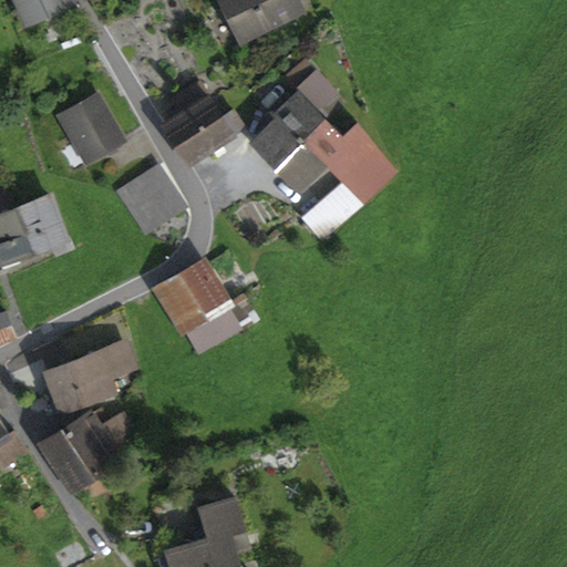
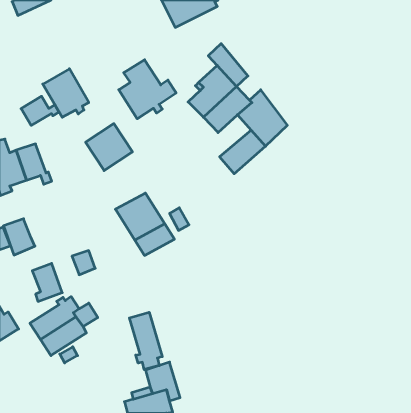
building: none -> [21,96,59,125]
building: [71,351,114,401] -> [3,219,35,255]
building: none -> [129,312,162,370]

